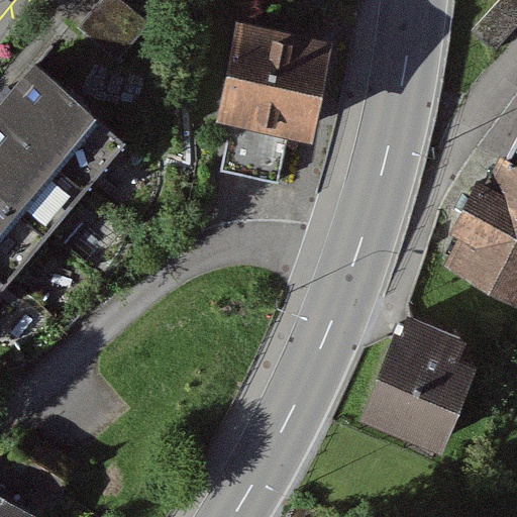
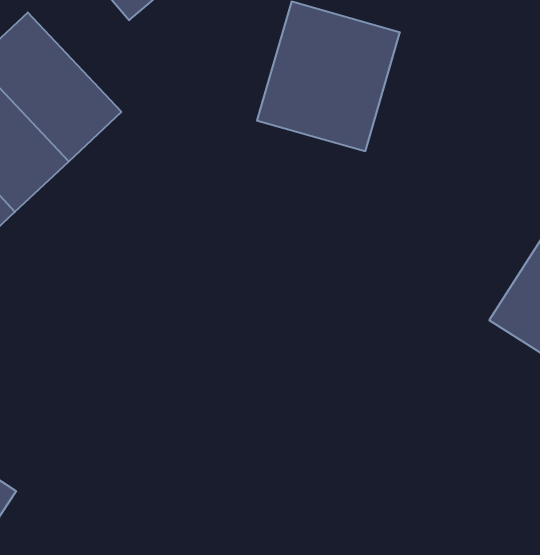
building: [358,312,484,455] -> none

